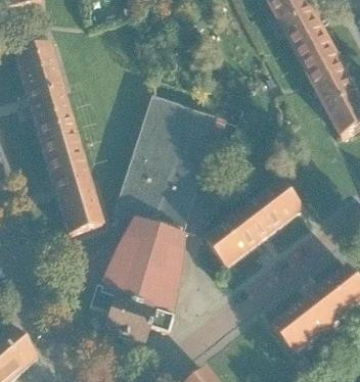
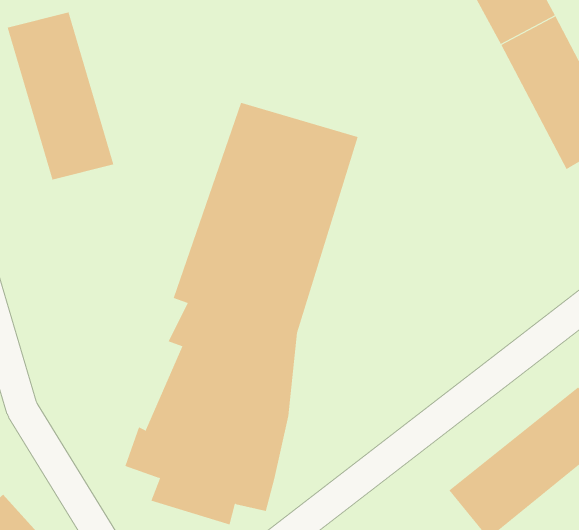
building: [40,132,103,232] -> none
building: [204,178,308,269] -> none

